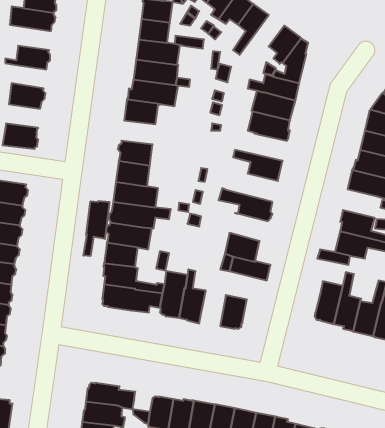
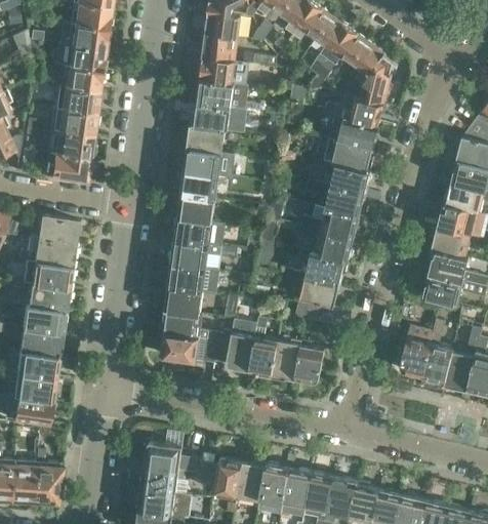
building: none -> [308,30,366,89]
building: none -> [55,41,106,70]
building: none -> [60,86,101,113]
building: none -> [54,130,93,157]
building: none -> [184,149,230,176]
building: none -> [308,164,370,194]
building: none -> [297,206,359,240]
building: none -> [432,226,471,257]
building: [83,201,110,256] -> none
building: none -> [297,252,348,284]
building: none -> [271,336,300,379]

